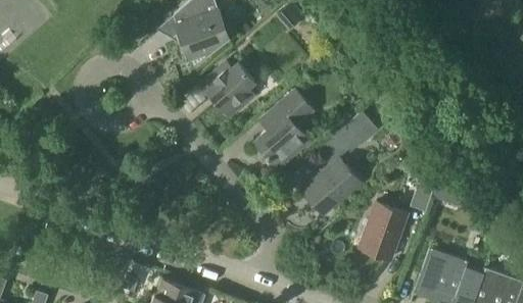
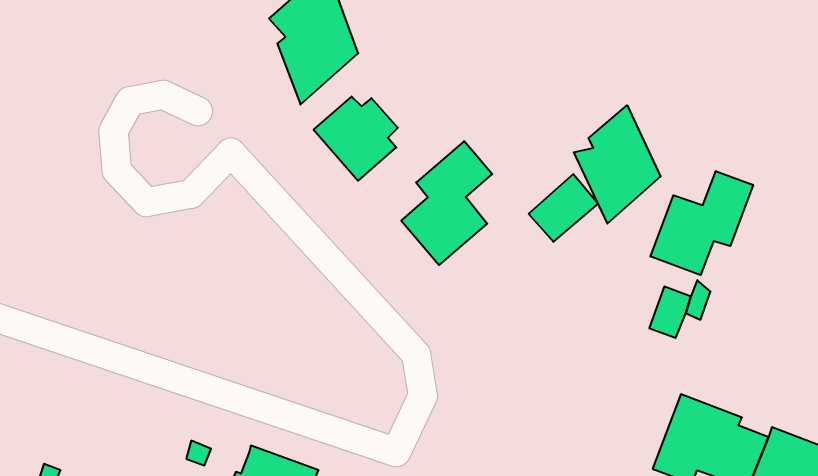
building: none -> [574,105,661,224]
building: none -> [650,171,753,275]
building: [302,158,361,214] -> none
building: [360,203,408,259] -> none

